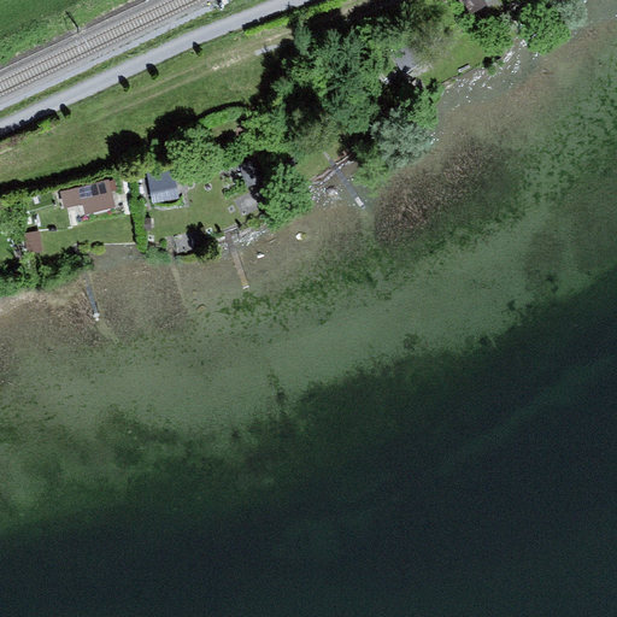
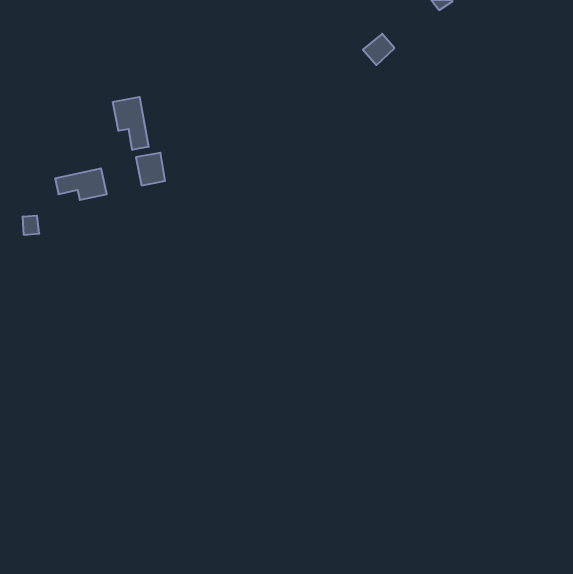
building: none -> [113,97,149,150]

